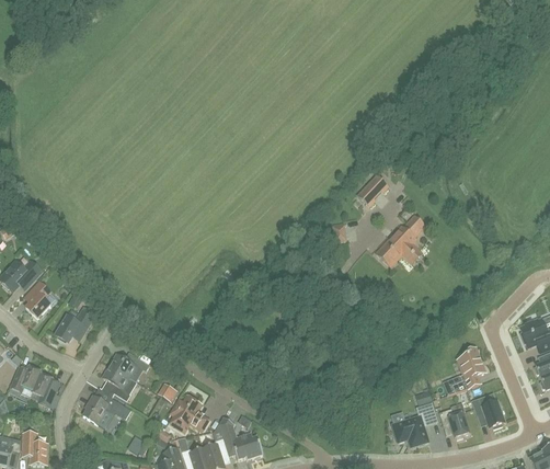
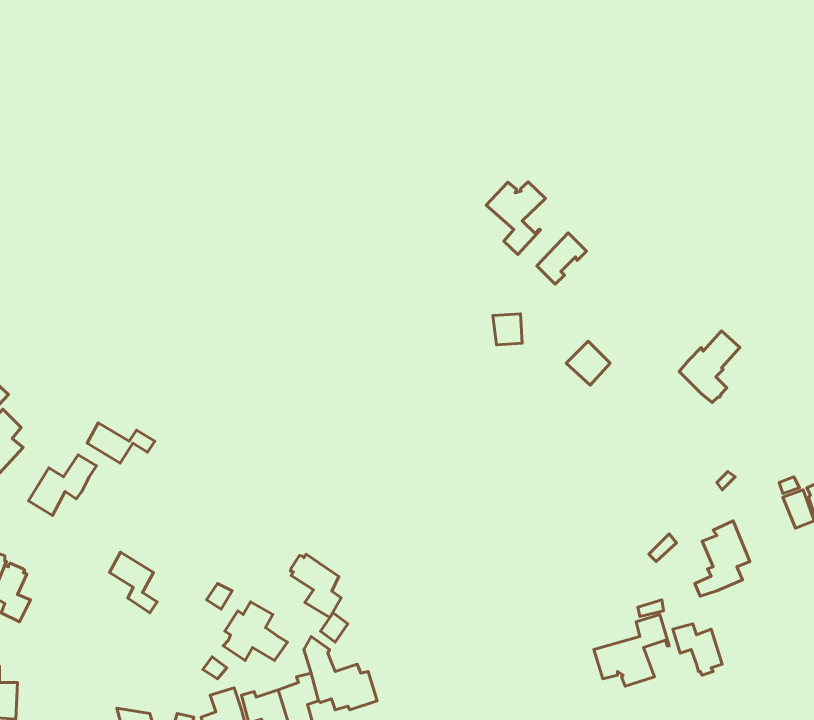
building: none -> [486,182,545,254]
building: [388,215,424,258] -> [679,331,740,403]
building: [108,353,149,377] -> [87,423,155,463]
building: none -> [291,554,341,617]
building: [82,396,130,423] -> none
building: [470,396,503,427] -> none

